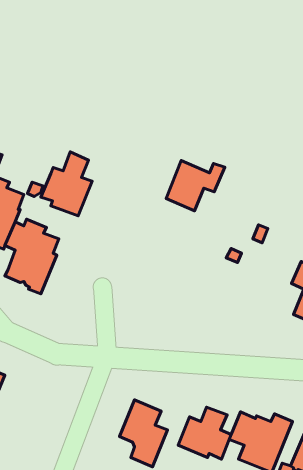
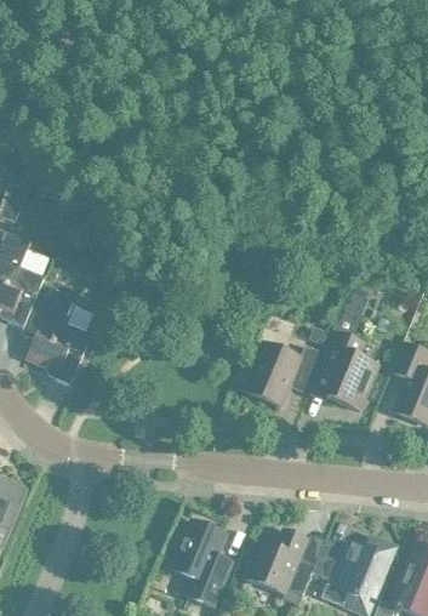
building: [41,152,92,216] -> none
building: [166,161,225,211] -> [244,342,319,406]
building: none -> [320,332,378,410]

